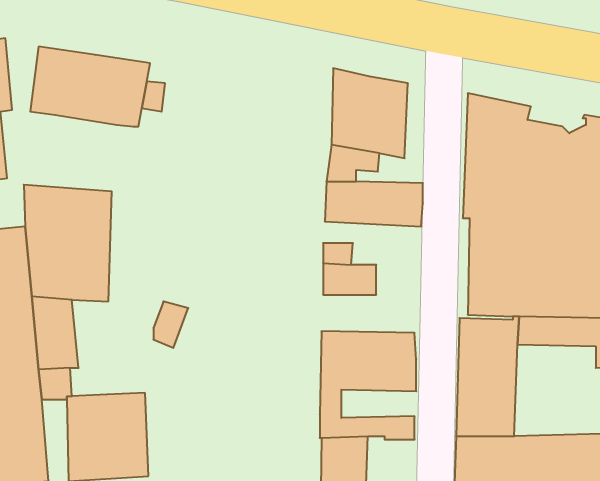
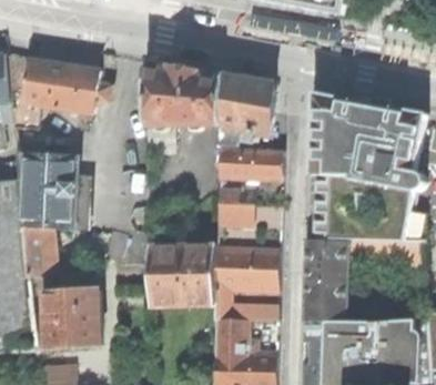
building: none -> [7,55,38,128]
building: none -> [146,60,221,125]
building: none -> [149,243,215,306]

